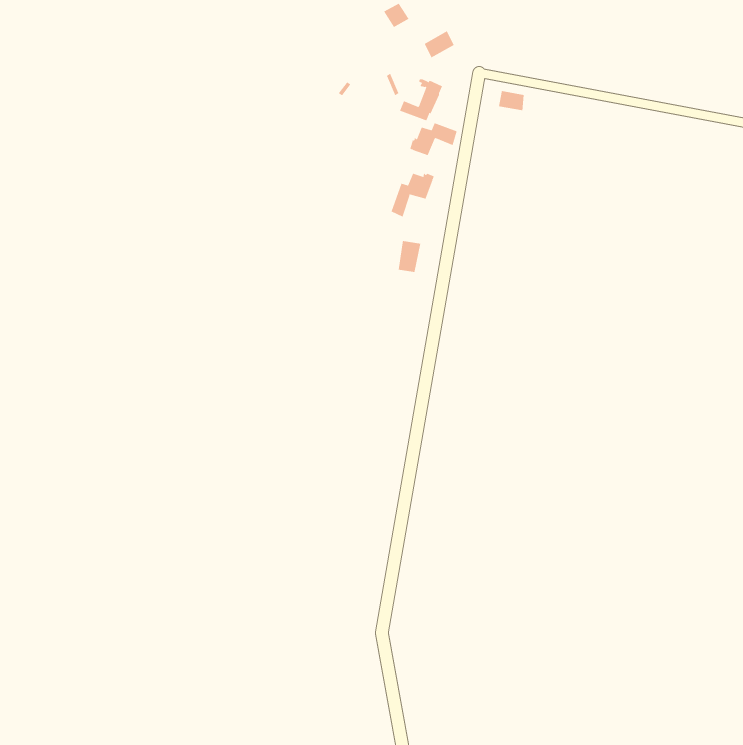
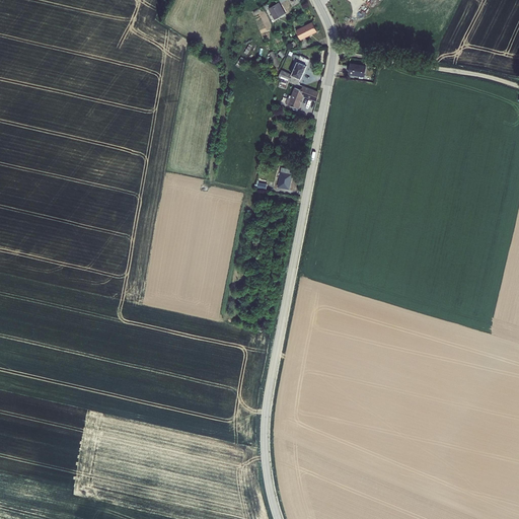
building: [391,172,434,217] -> none

